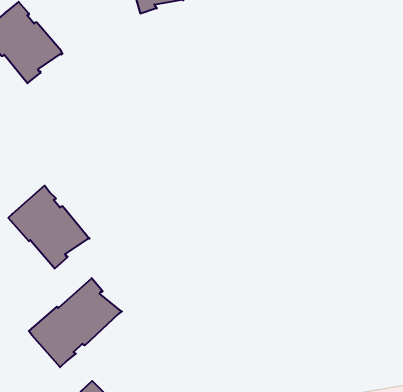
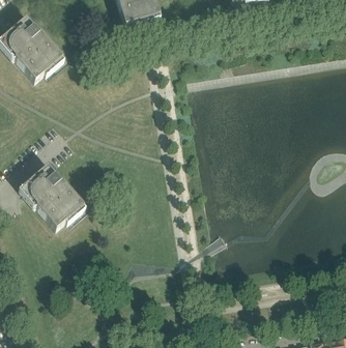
building: [29,278,122,367] -> none

